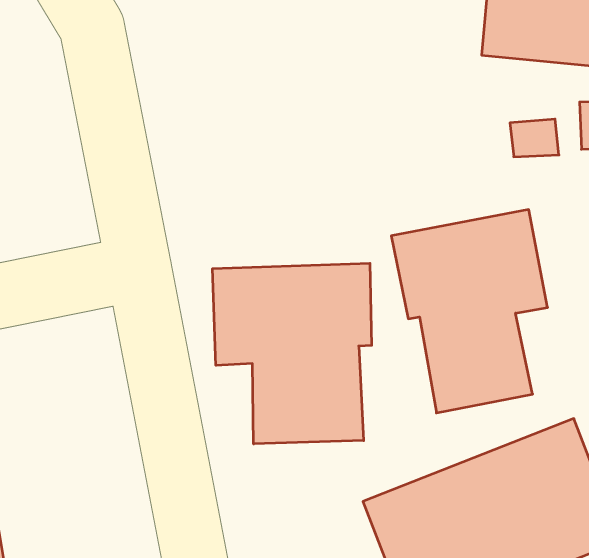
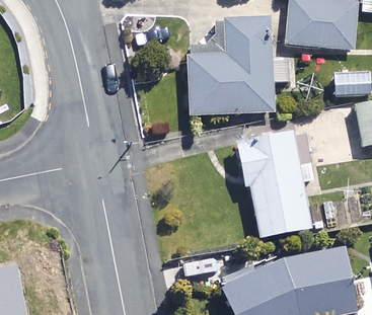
building: none -> [188,18,291,115]
building: [213,263,372,444] -> none

